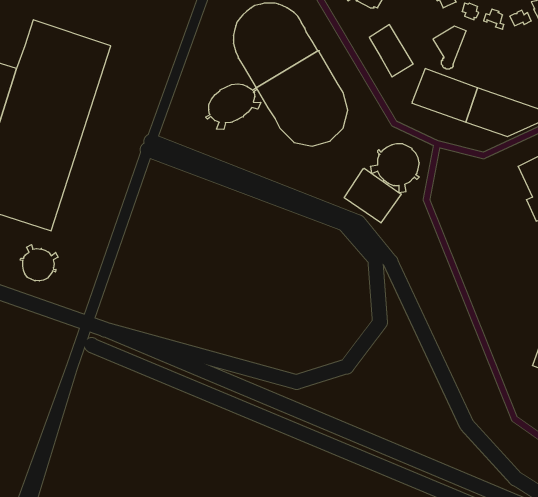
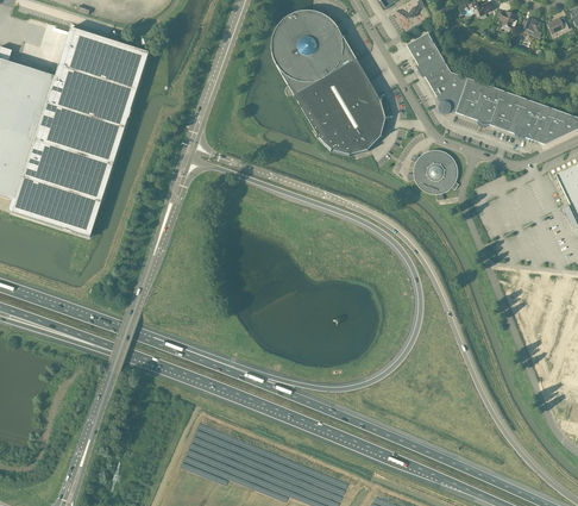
building: [433,26,466,69] -> [429,70,463,113]
building: [206,84,261,129] -> none
building: [344,168,401,223] -> none
building: [20,245,58,281] -> none

